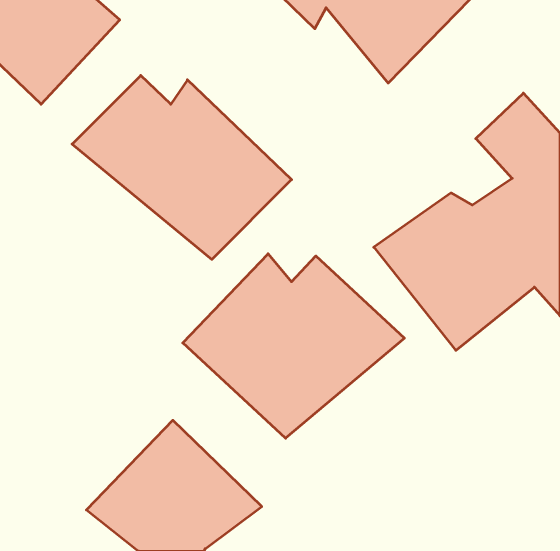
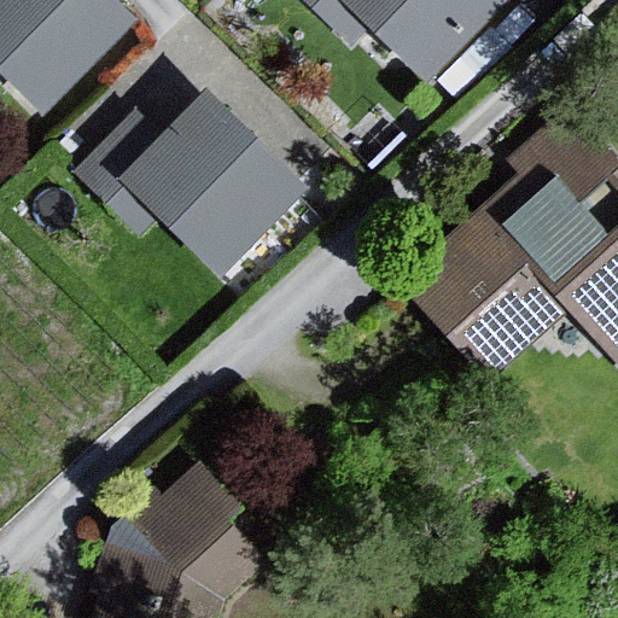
building: [183,254,404,438] -> none

